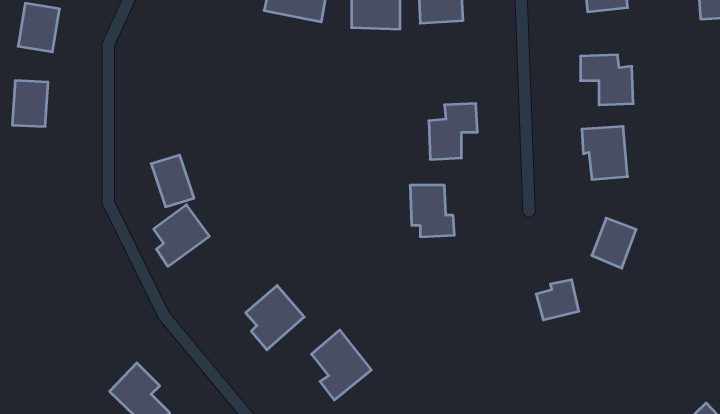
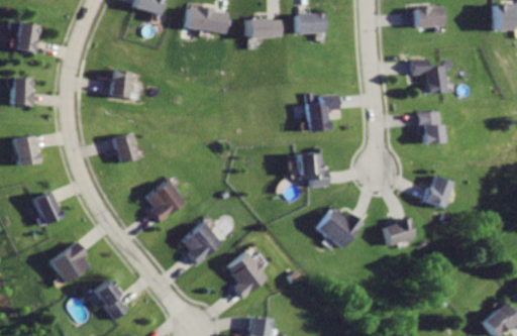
building: none -> [111,69,141,102]
building: none -> [14,133,43,169]
building: [154,205,209,266] -> [144,182,184,225]
building: none -> [28,192,61,228]
building: none -> [314,208,360,247]
building: none -> [41,238,86,287]

